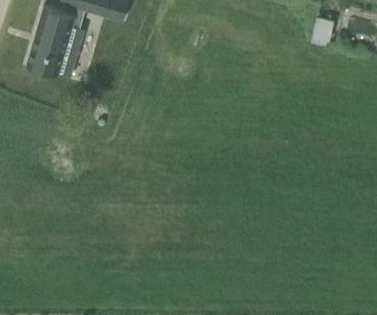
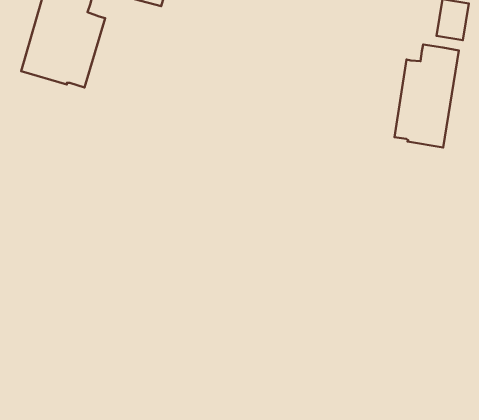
building: none -> [394,45,459,147]

